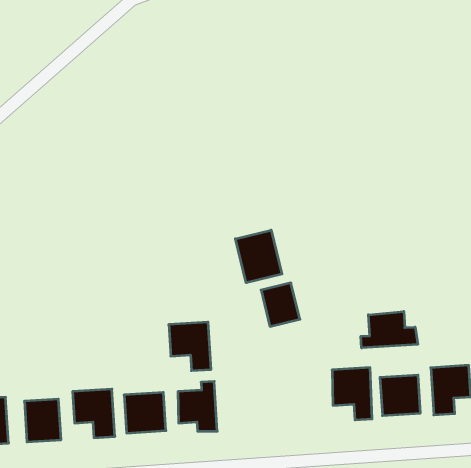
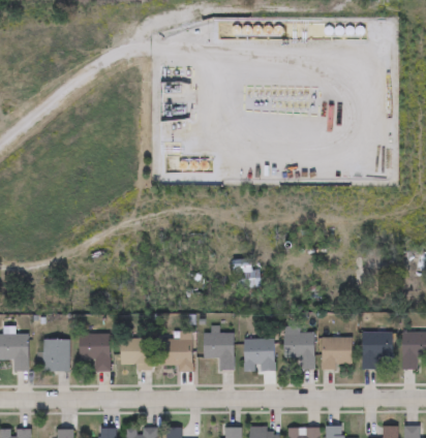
building: [235,230,282,283] -> none
building: [361,311,418,348] -> none
building: [169,322,211,371] -> [203,333,234,370]
building: none -> [243,339,274,373]

